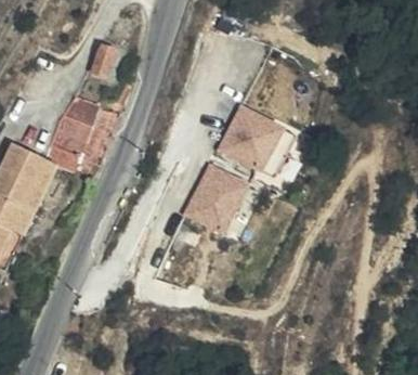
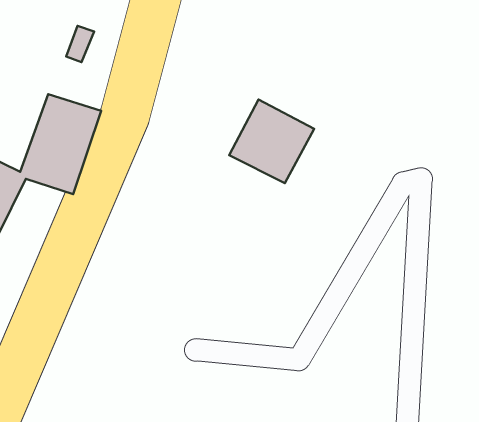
building: [183,167,245,234] -> none

